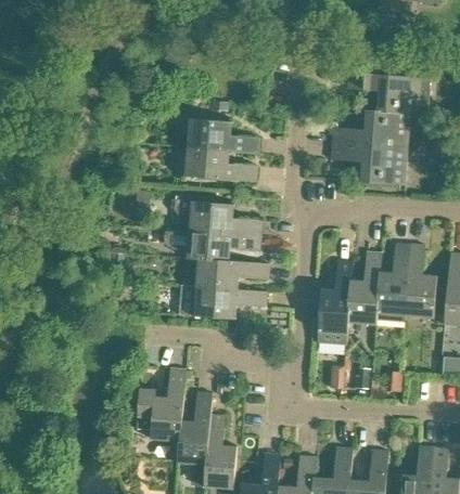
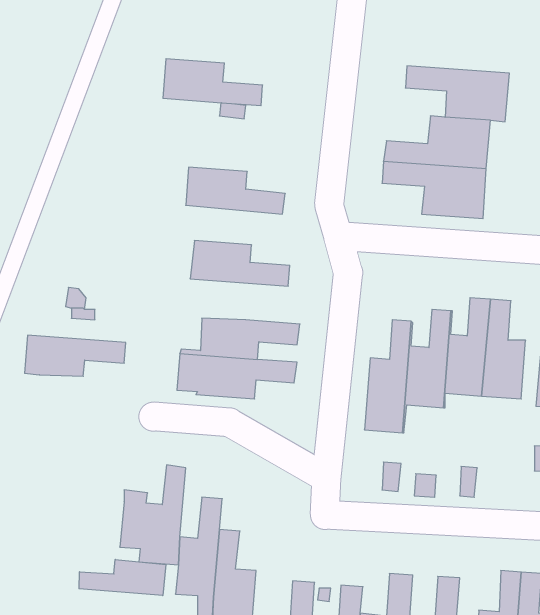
building: [187,118,260,153] -> [163,59,263,106]
building: [186,230,260,260] -> [25,335,126,376]
building: none -> [79,559,166,596]

